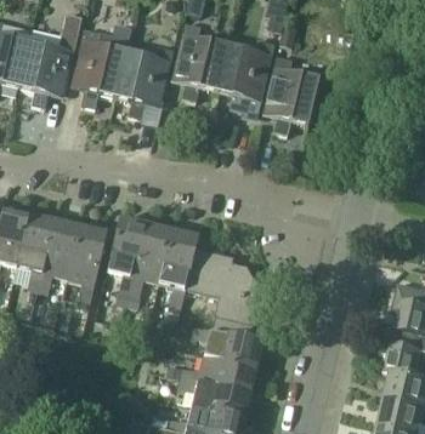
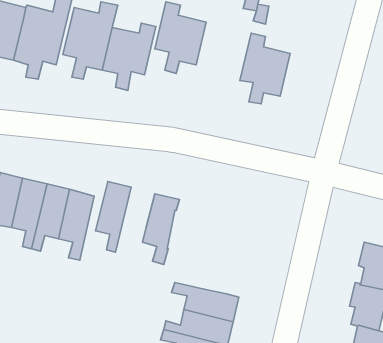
building: [216,39,273,112] -> none
building: [129,222,171,295] -> none
building: [185,247,259,337] -> none

